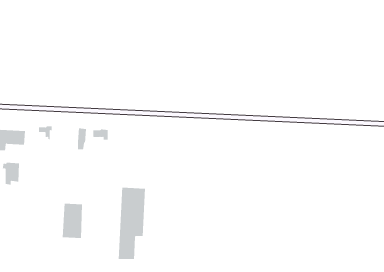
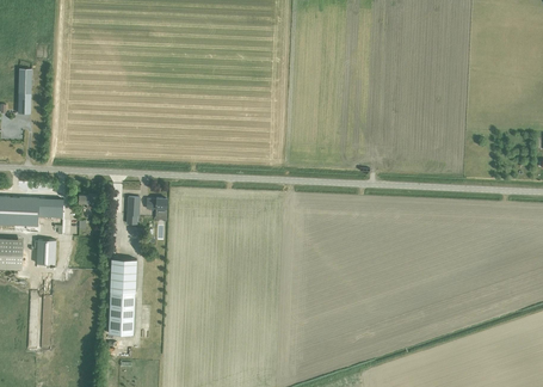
building: none -> [110,259,137,293]
building: [118,187,145,260] -> none

